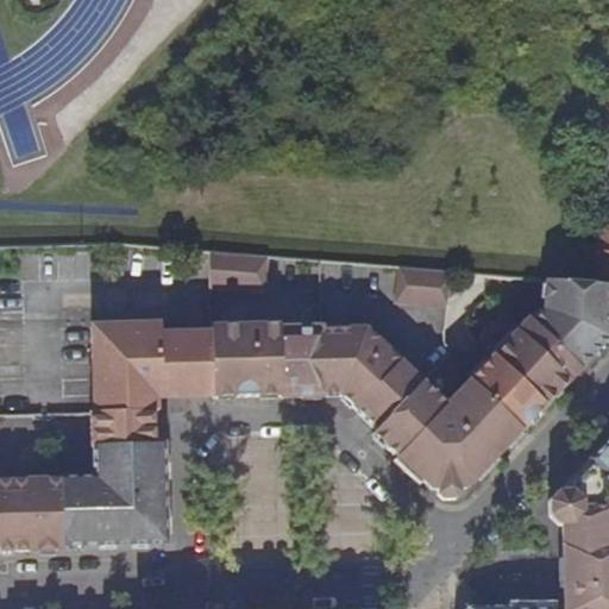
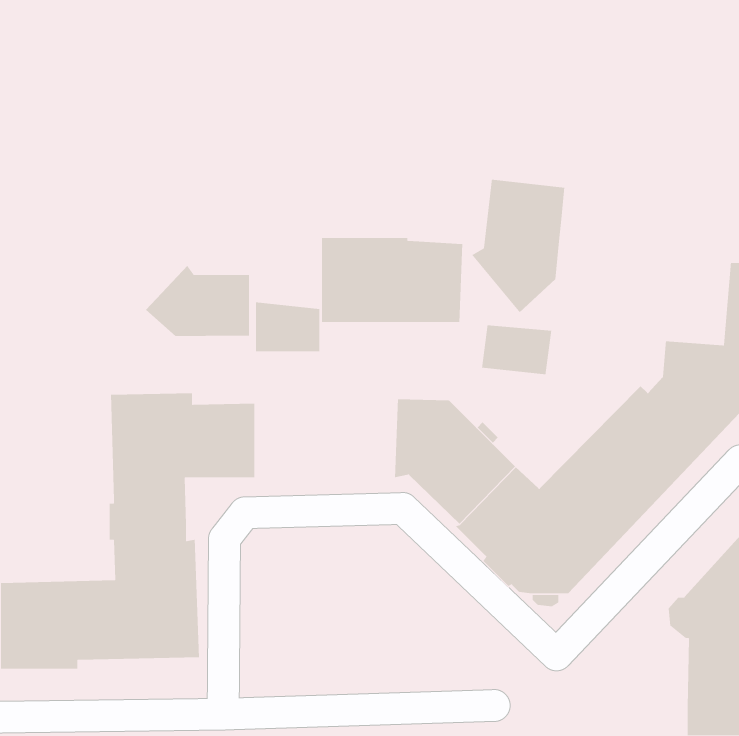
building: none -> [471,179,565,313]
building: none -> [145,265,250,337]
building: [211,322,327,393] -> [321,237,463,323]

